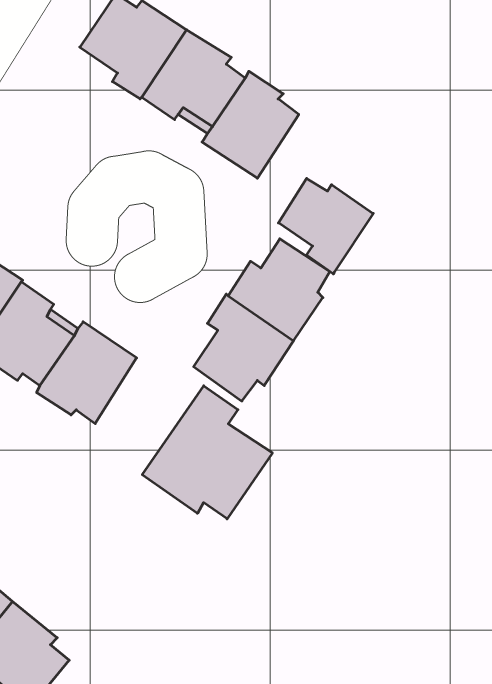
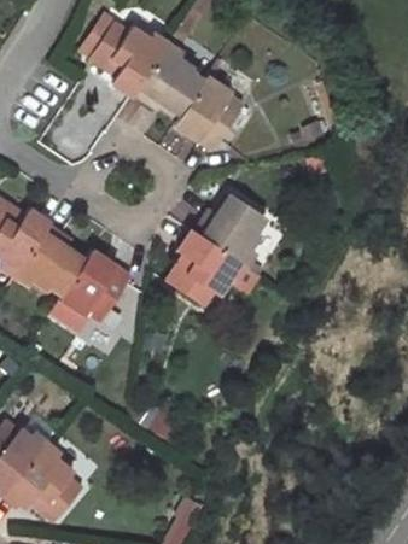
building: [278,178,373,274] -> none
building: [142,386,272,519] -> none

